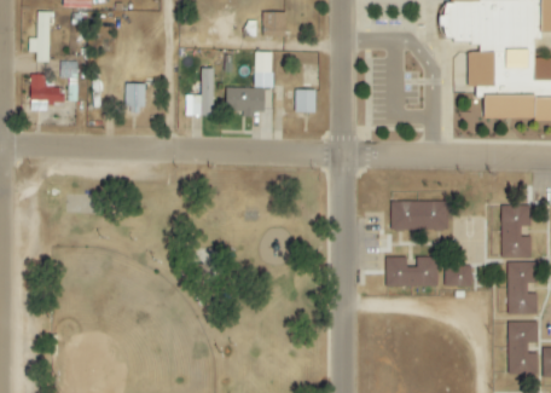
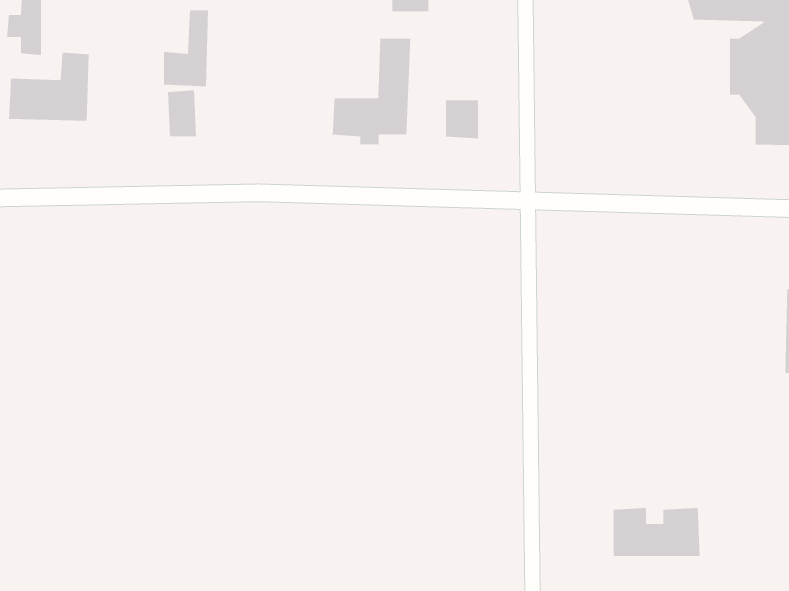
building: [186,69,214,116] -> [163,10,209,87]
building: [390,201,448,230] -> none
building: [385,256,439,287] -> [613,507,700,557]
building: [445,265,472,287] -> none

